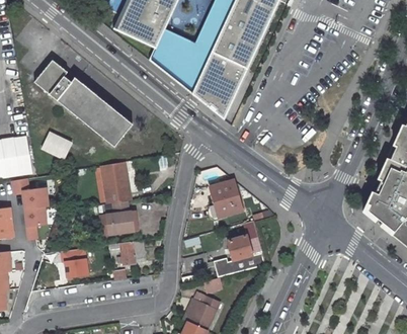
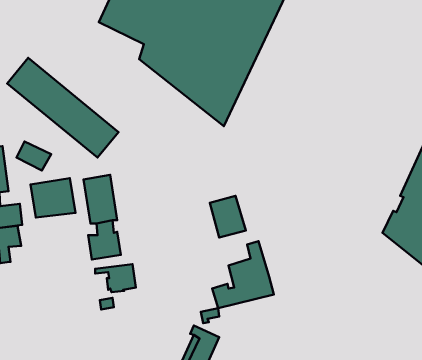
building: none -> [31,178,75,218]
building: [62,246,92,278] -> none

